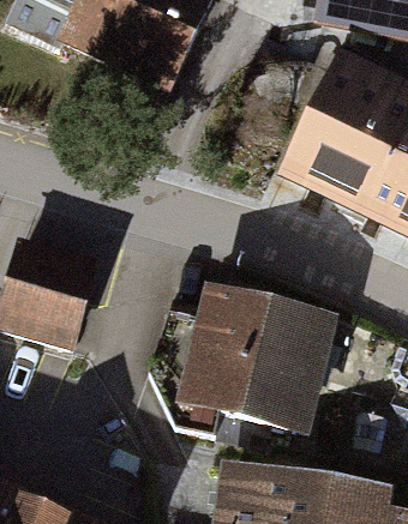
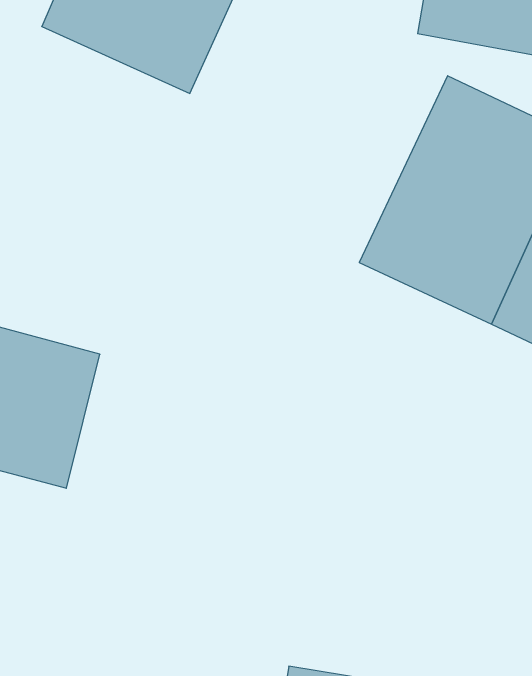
building: [187,296,331,429] -> none

